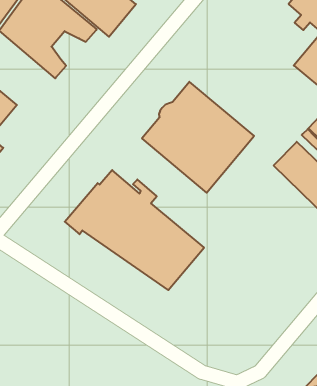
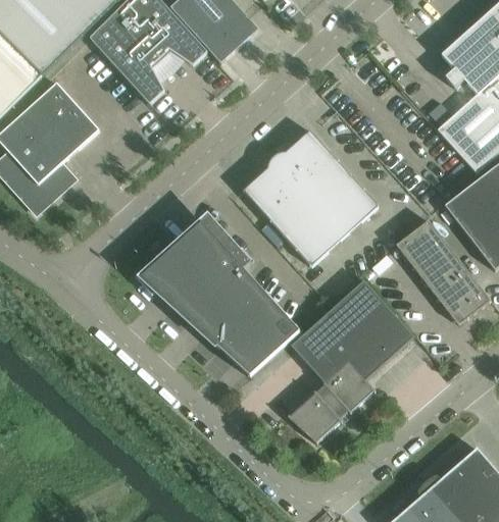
building: none -> [288,279,415,442]

